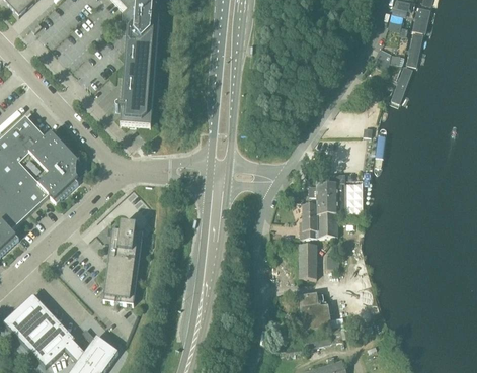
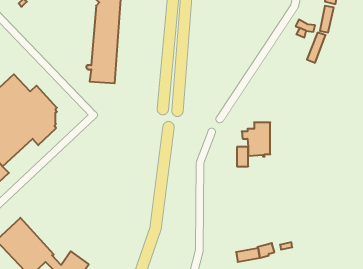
building: [316,214,337,236] -> none
building: [102,221,142,302] -> none
building: [298,243,316,277] -> none
building: [299,292,329,328] -> none

